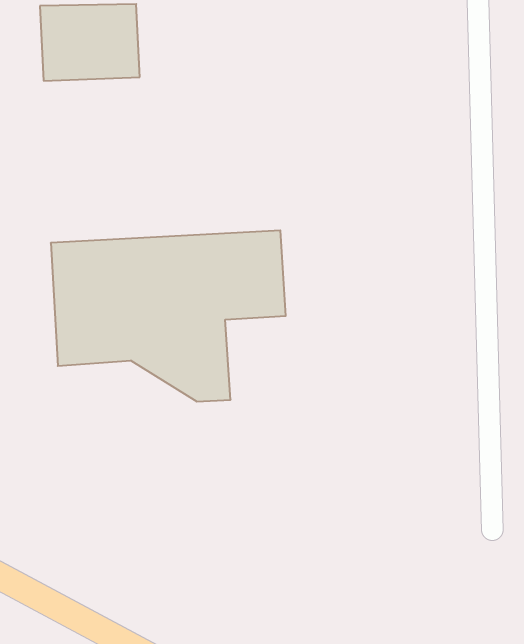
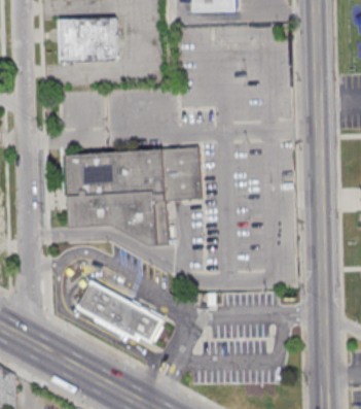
building: none -> [73,279,164,343]

